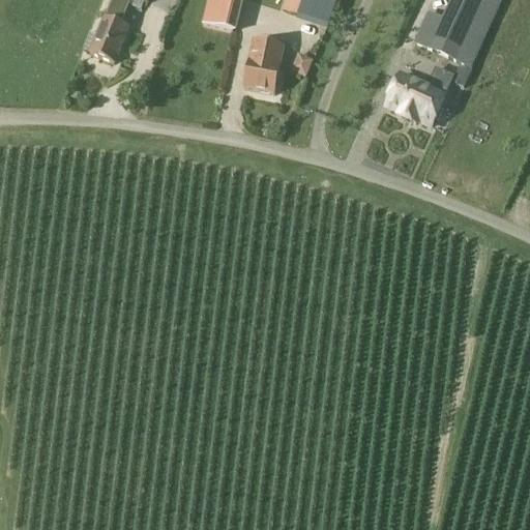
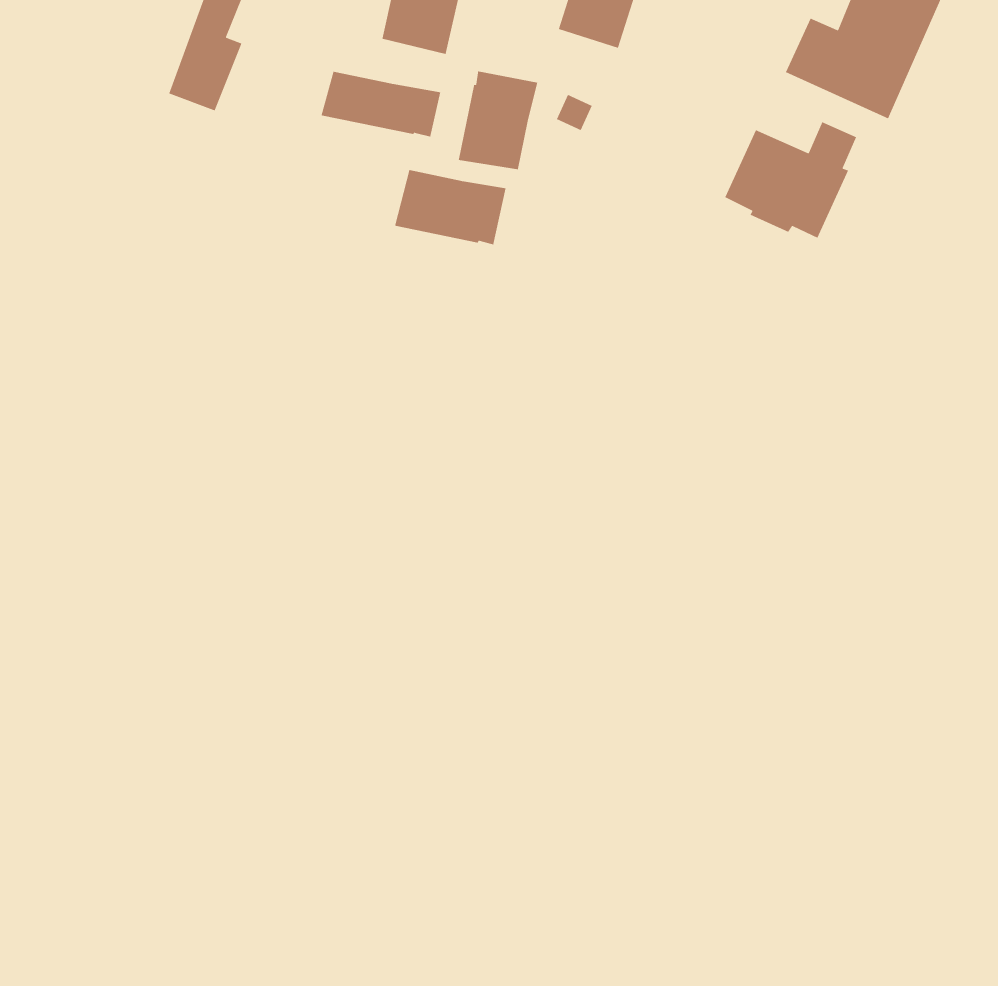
building: none -> [320,71,441,138]
building: none -> [394,169,506,245]

